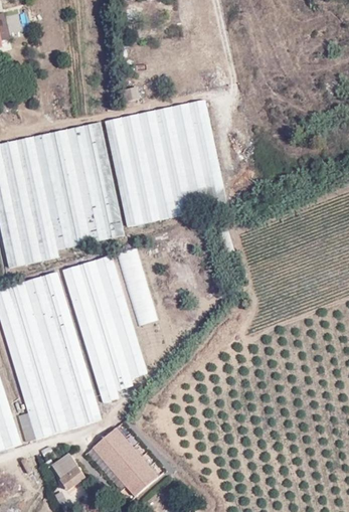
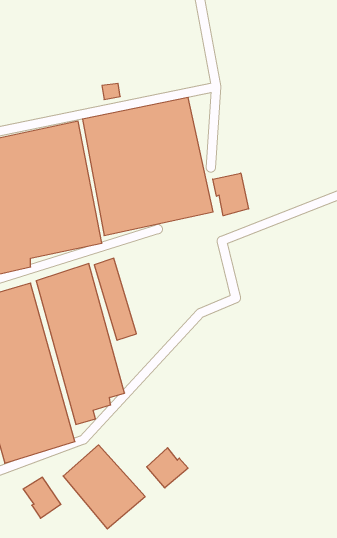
building: none -> [213,173,249,216]
building: none -> [147,448,188,488]

